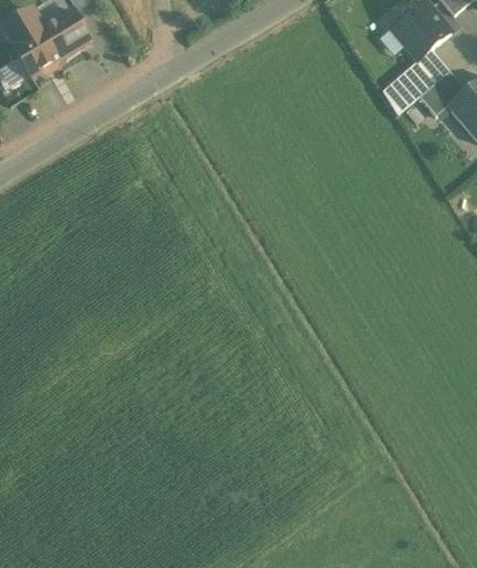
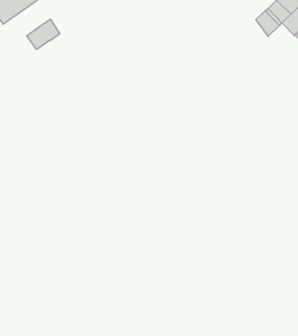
building: none -> [27,19,60,50]

